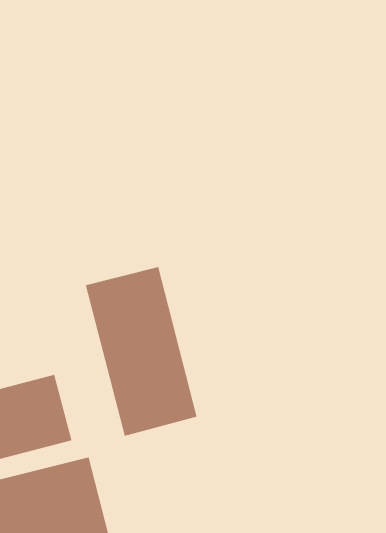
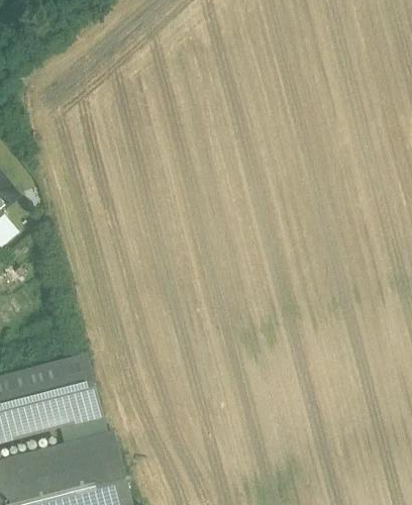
building: [85,266,197,437] -> none

